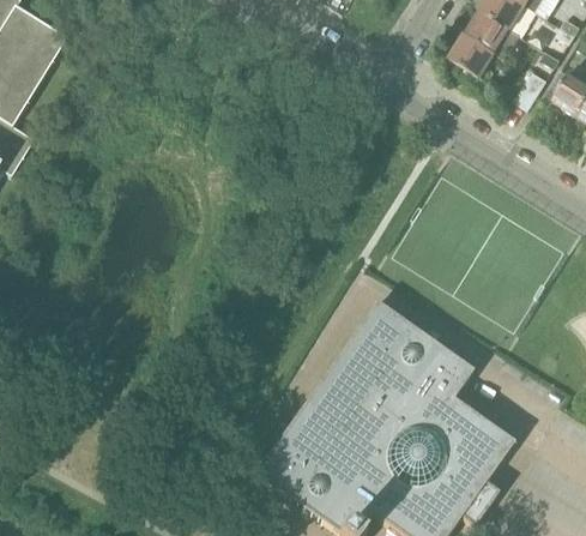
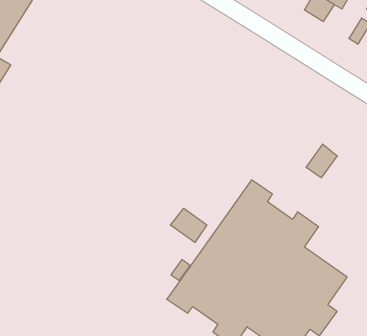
building: none -> [306,144,337,178]
building: none -> [170,208,207,243]

